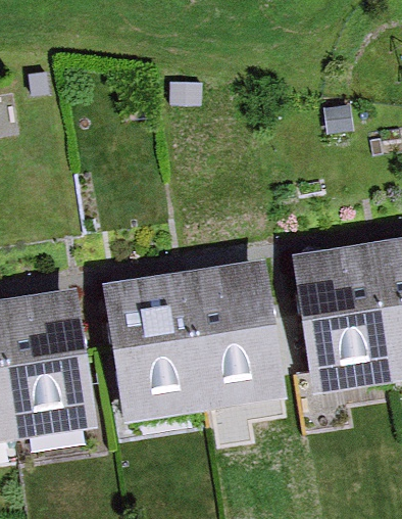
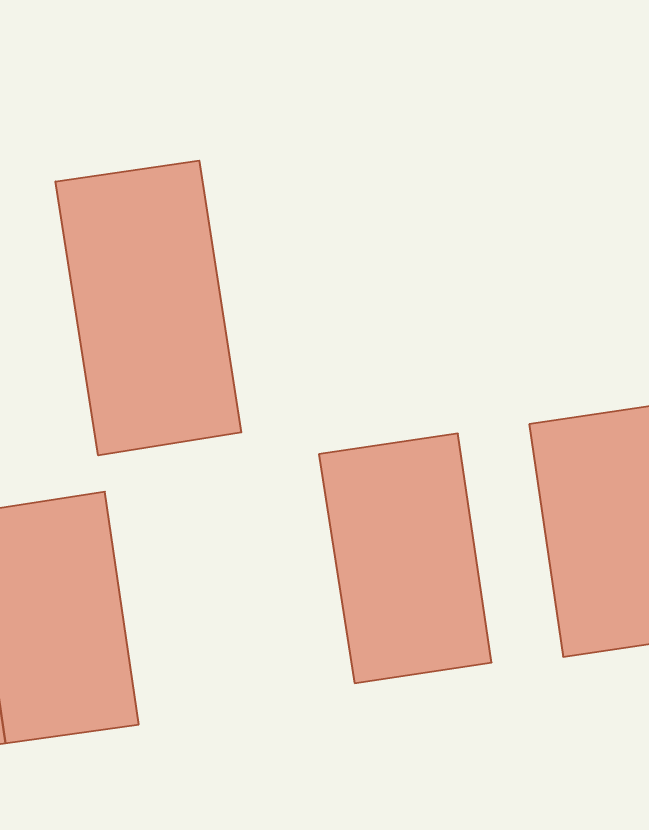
building: none -> [56,161,241,455]
building: [110,276,204,413] -> none

